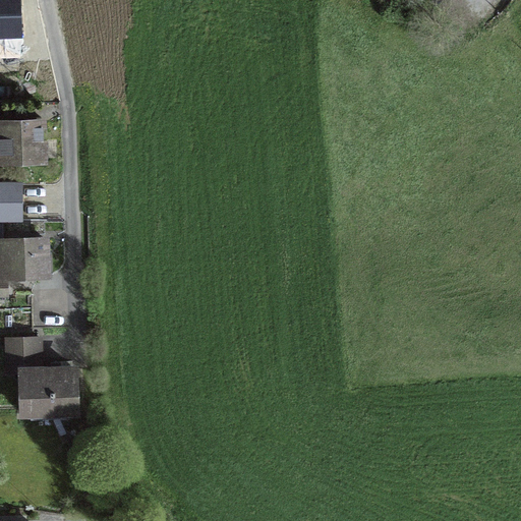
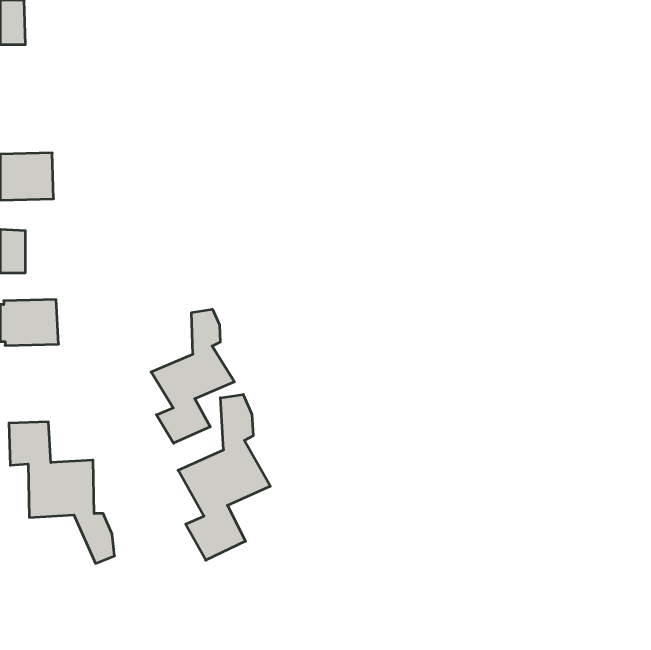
building: none -> [151,309,234,443]
building: none -> [178,394,270,560]

